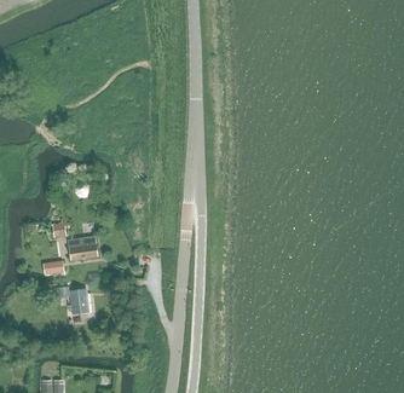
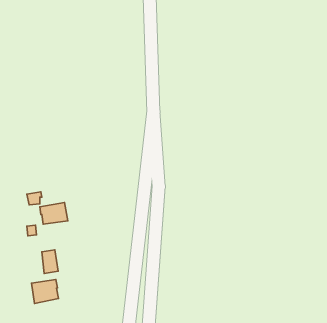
building: none -> [32,279,59,303]

